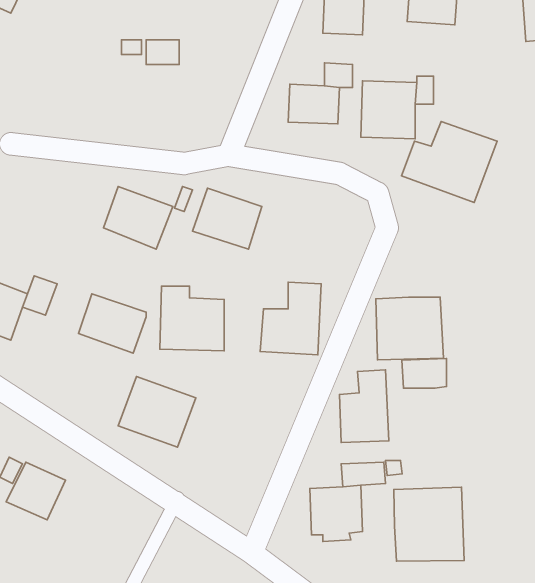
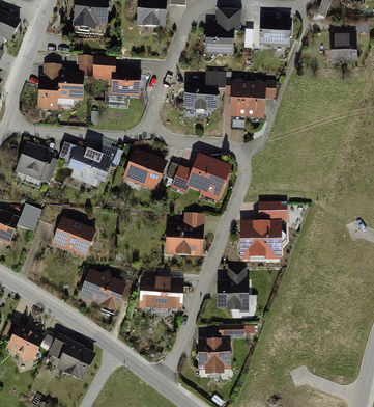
building: none -> [37,63,82,108]
building: none -> [111,76,140,96]
building: [401,122,497,202] -> [173,154,233,205]
building: none -> [18,146,53,182]
building: [160,286,224,351] -> [140,270,180,310]
building: [402,358,446,388] -> [258,201,286,220]
building: none -> [46,330,98,383]
building: [394,487,464,561] -> none

